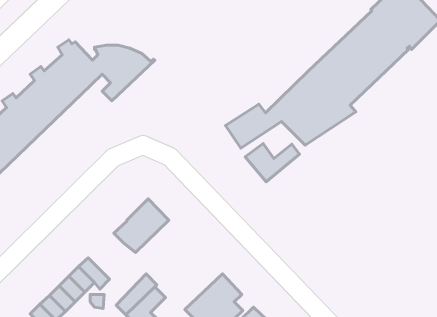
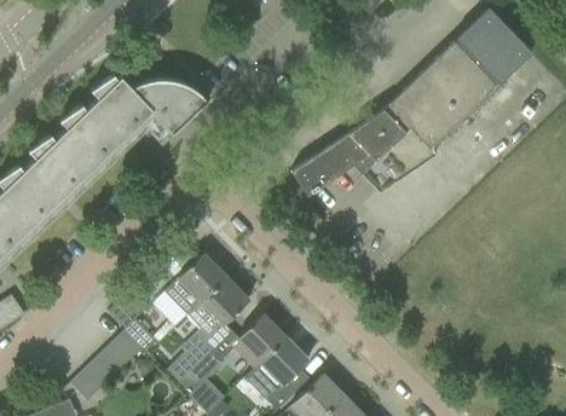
building: [245,144,300,182] -> none
building: none -> [190,277,250,335]
building: none -> [235,313,288,377]

